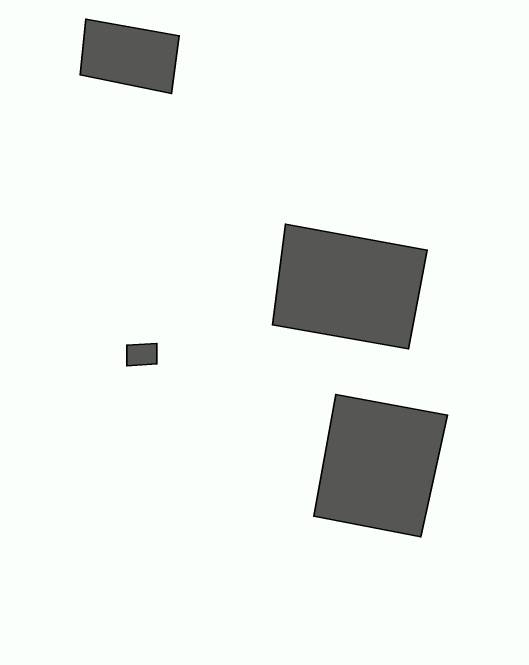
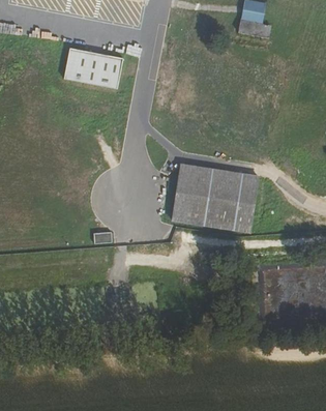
building: [314,395,447,537] -> none

